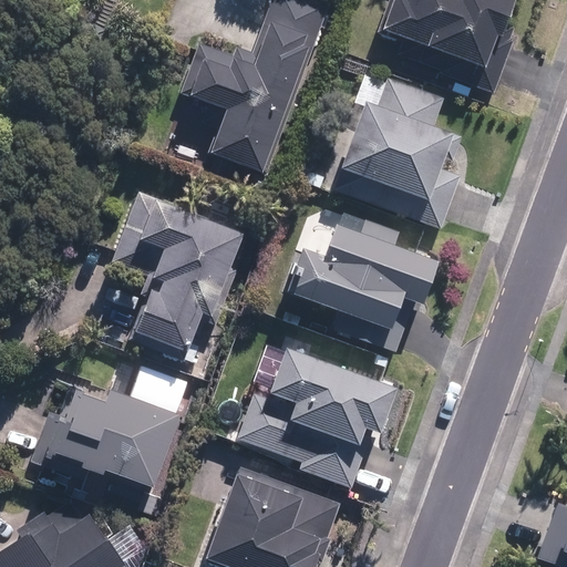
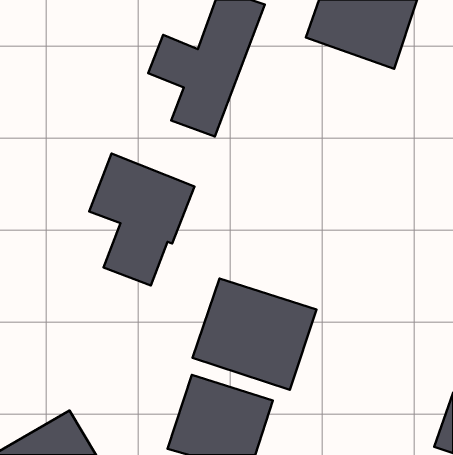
building: [337,76,472,230] -> none
building: [285,223,435,329] -> none
building: [30,365,185,507] -> none

